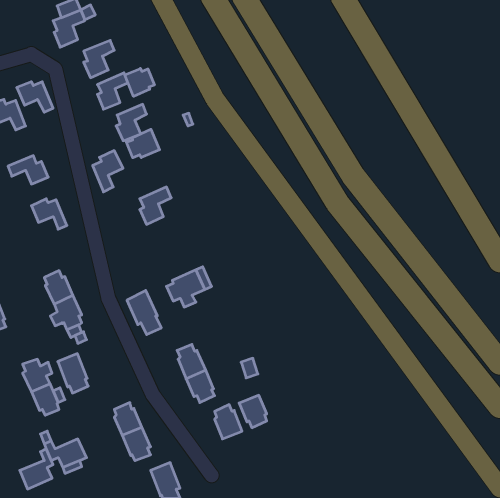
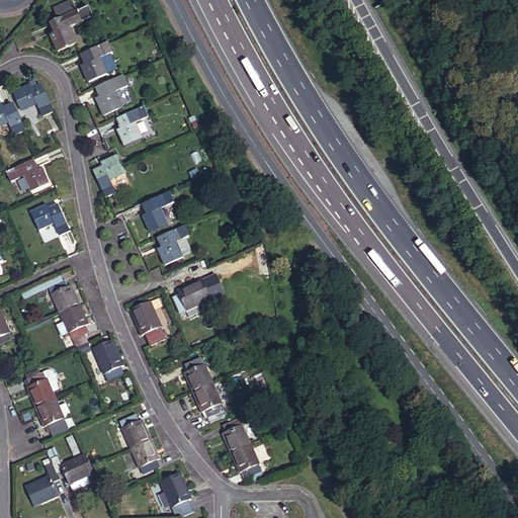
building: [125,68,154,96] -> none
building: [126,129,160,158] -> none
building: none -> [158,226,190,263]
building: [58,354,88,393] -> [91,340,122,380]
building: [239,395,267,428] -> [229,443,257,477]

